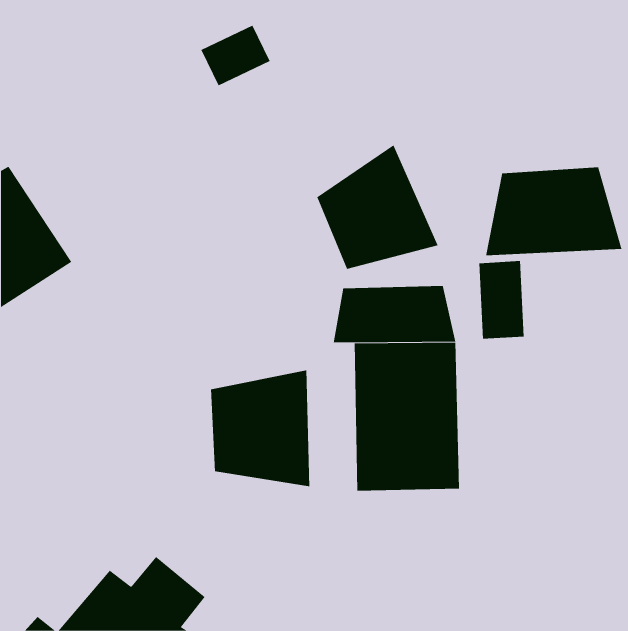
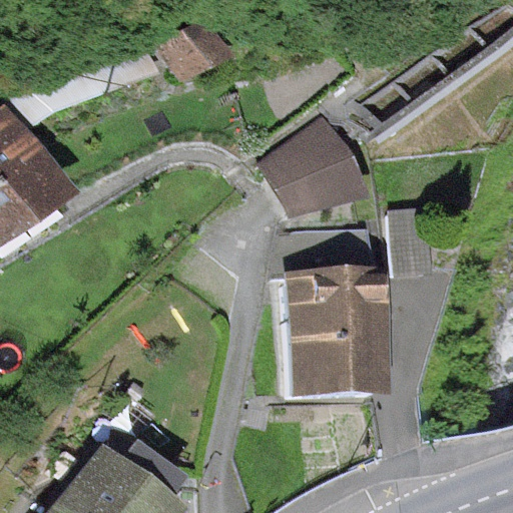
building: [486,166,622,256] -> none
building: [210,370,310,487] -> none

